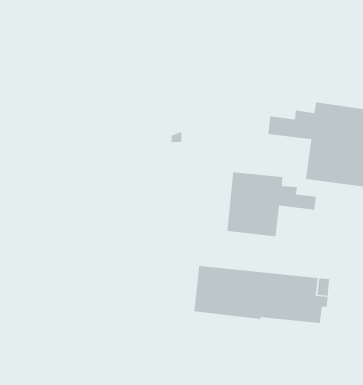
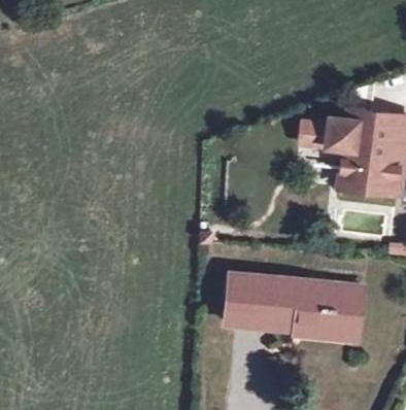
building: [227,172,316,237] -> none

